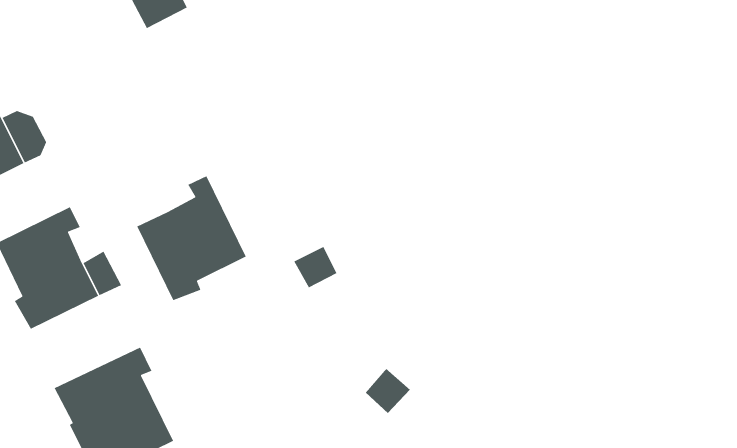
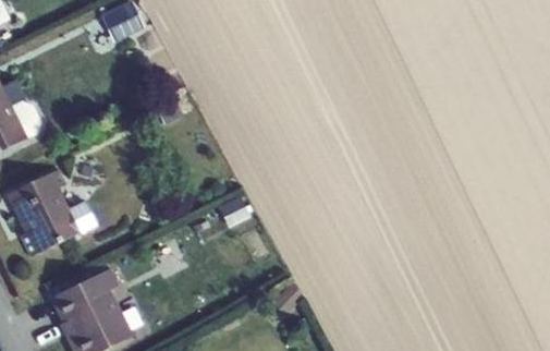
building: [136,175,247,301] -> none

